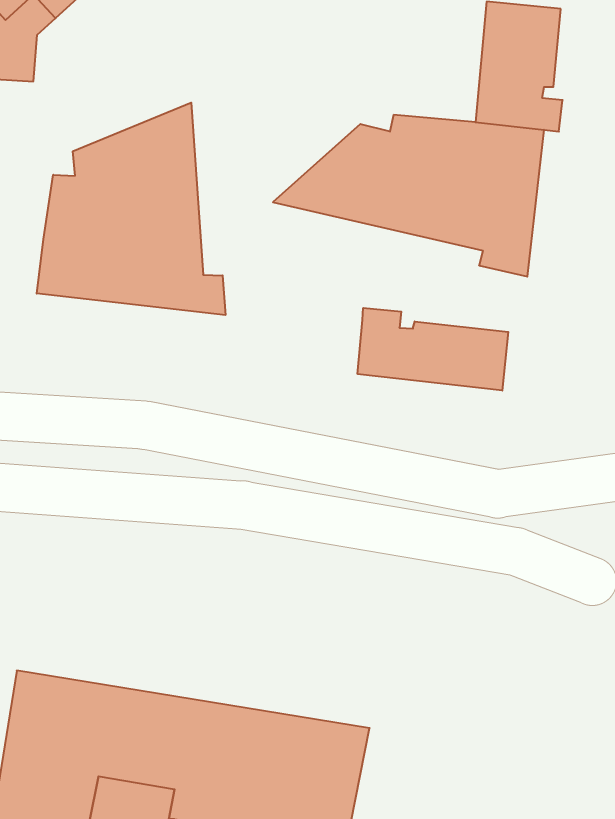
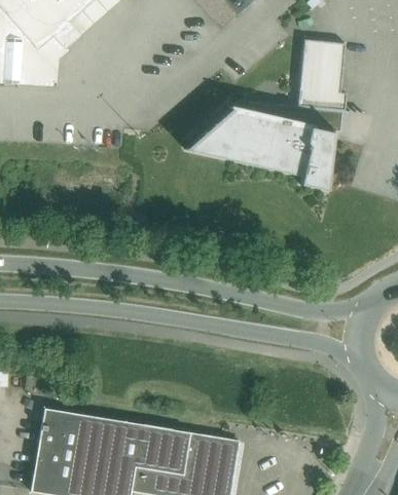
building: [37,103,225,315] -> none
building: [358,308,508,391] -> none

